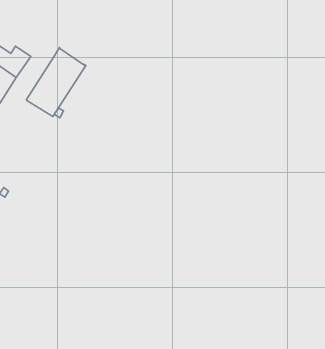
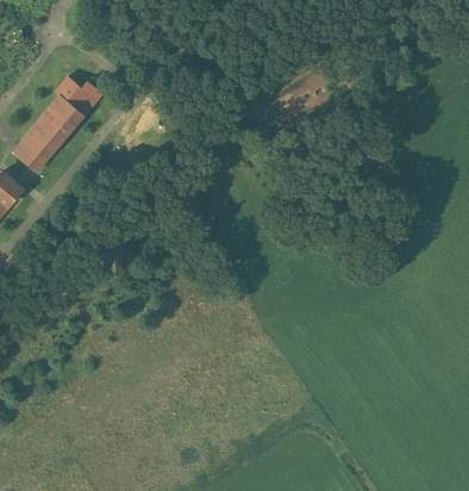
building: [27,48,86,116] -> none

